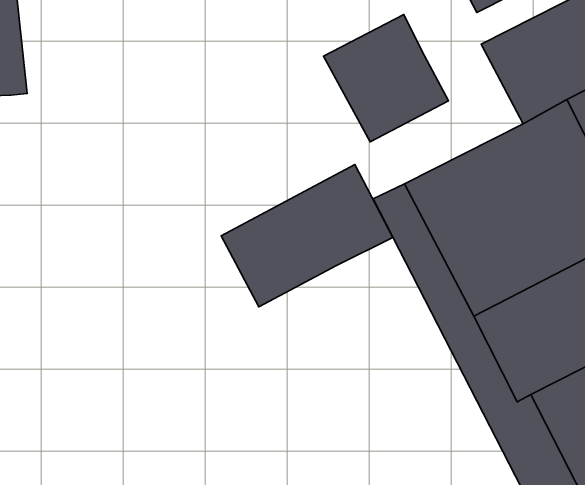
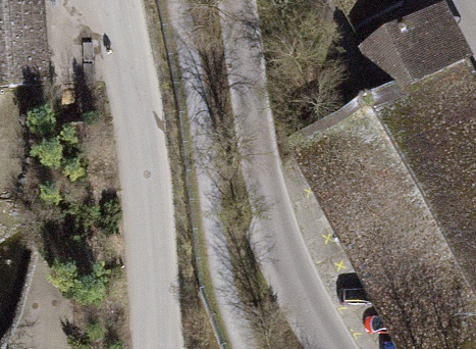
building: [324,15,449,142] -> none
building: [221,164,393,307] -> none

